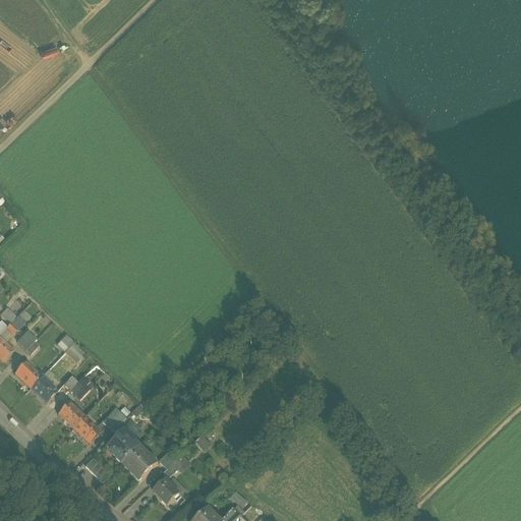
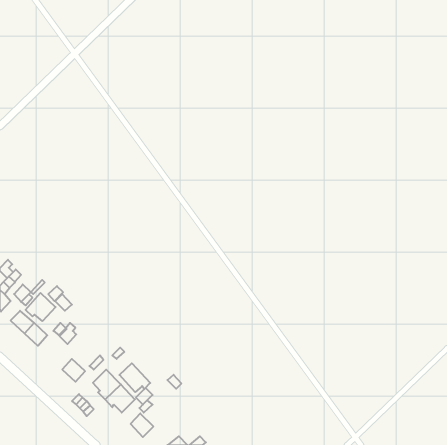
building: none -> [26,293,56,321]
building: [56,401,83,428] -> none
building: none -> [119,363,150,392]

